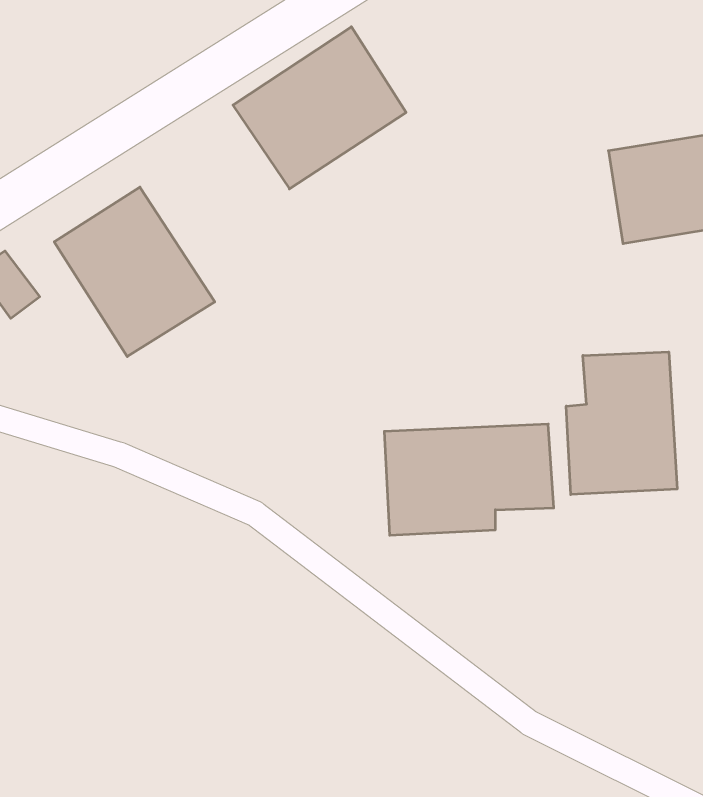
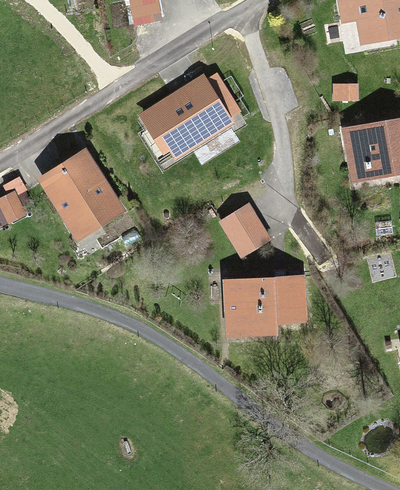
building: none -> [222,204,272,256]
building: [566,352,677,495] -> none

